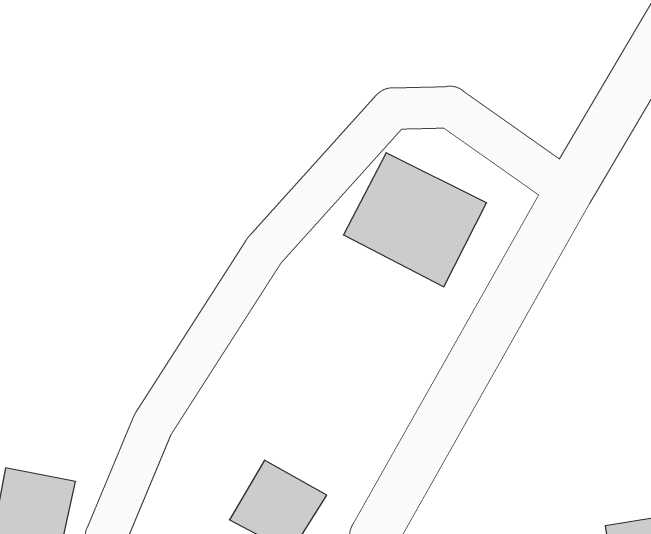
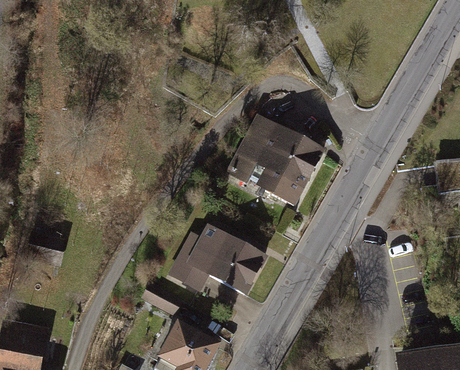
building: none -> [168,217,266,292]

